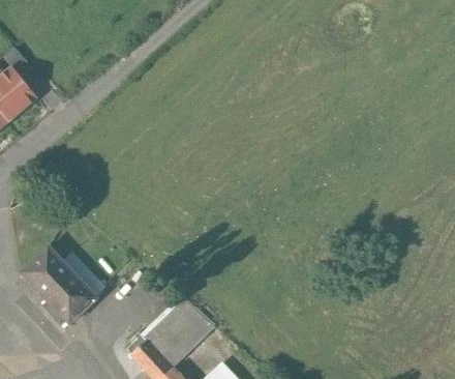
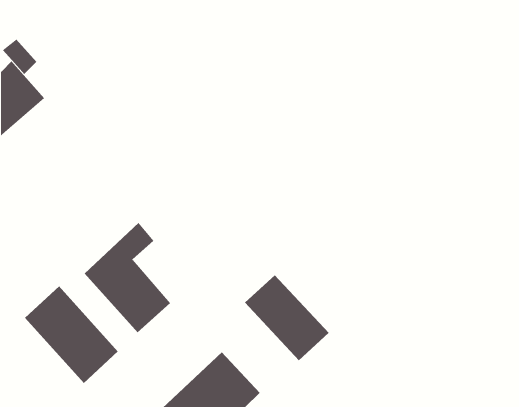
building: none -> [84,222,171,333]
building: none -> [244,275,330,361]

